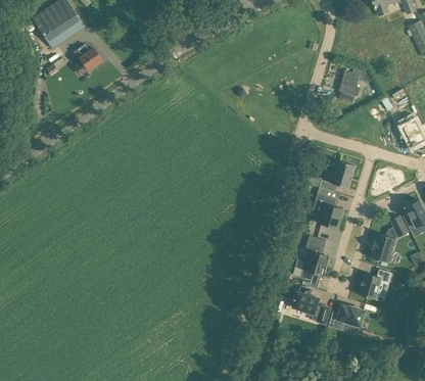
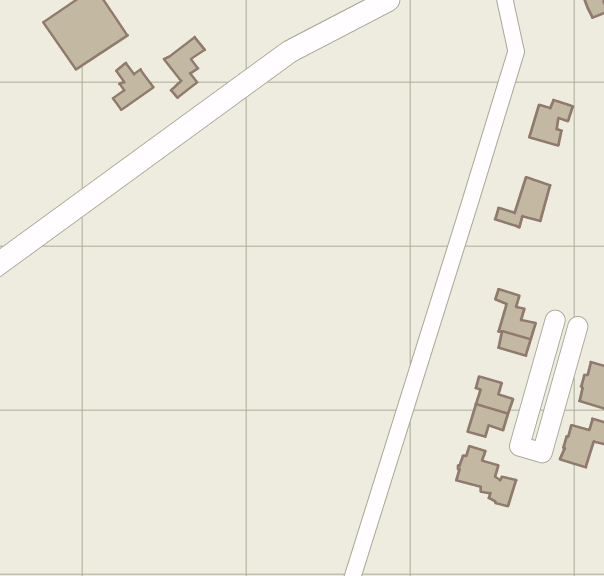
building: none -> [164,37,205,98]
building: [320,160,355,192] -> [495,177,550,227]
building: [328,304,365,330] -> none

